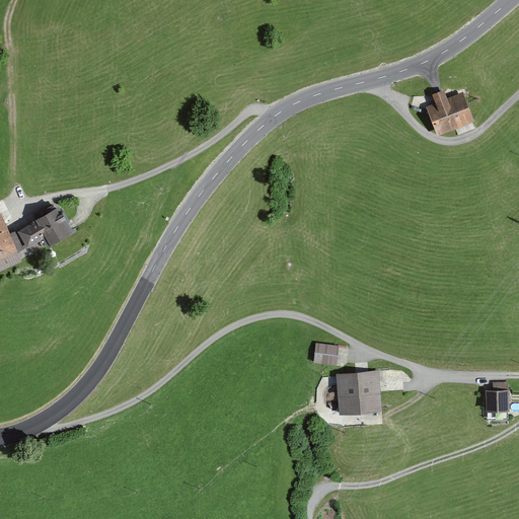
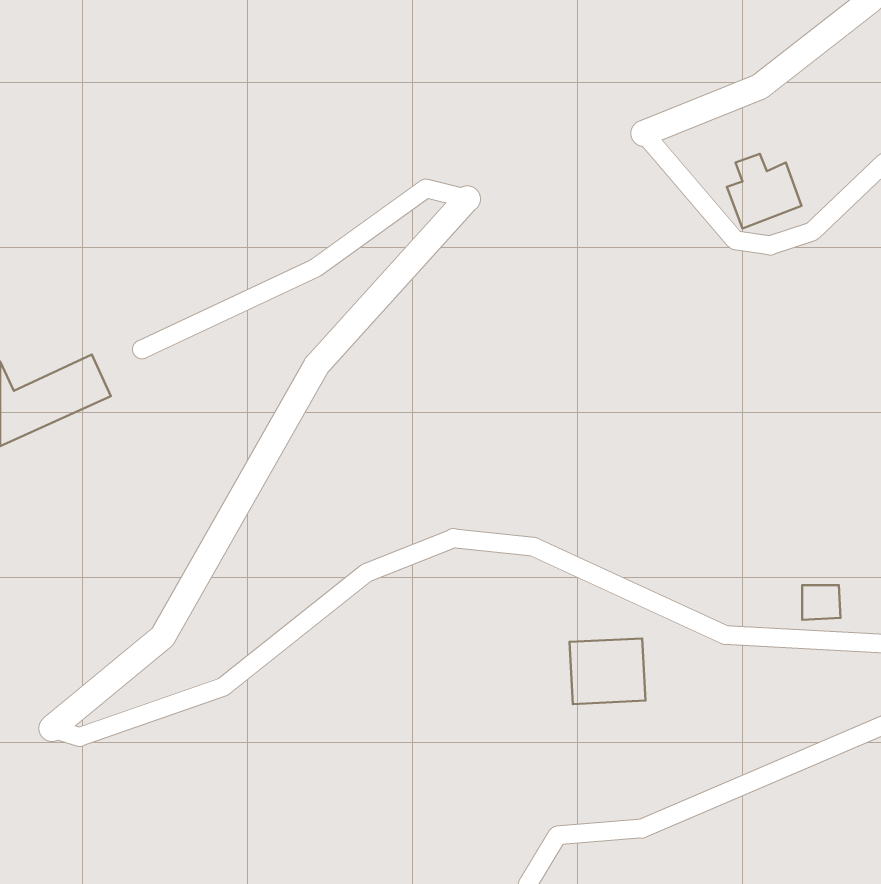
building: [313,345,338,366] -> none
building: [486,393,508,414] -> [802,585,840,620]

